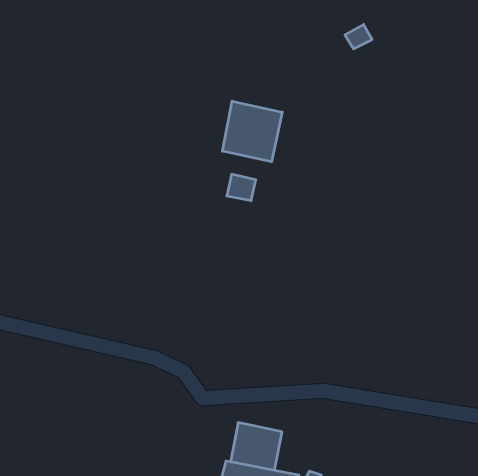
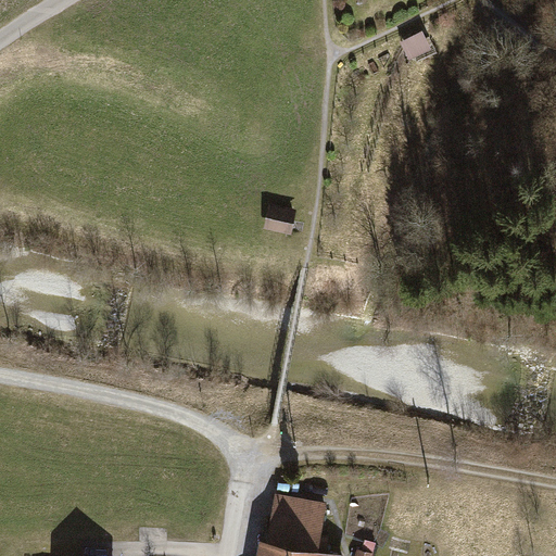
building: [222,101,282,162] -> none

